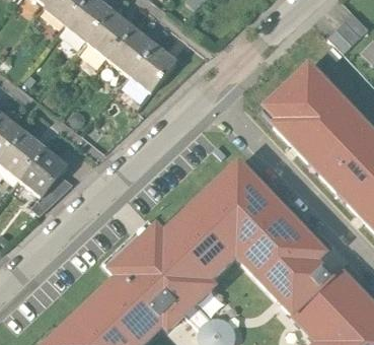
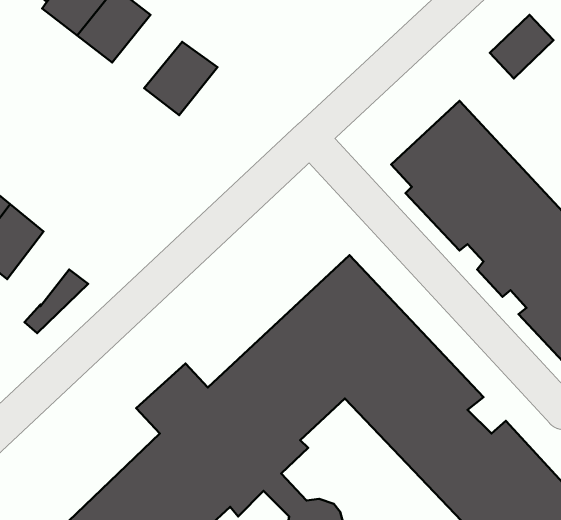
building: [87,11,132,58] -> none
building: [130,45,175,92] -> none
building: [20,149,66,197] -> none

